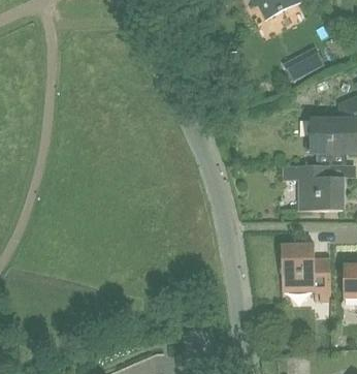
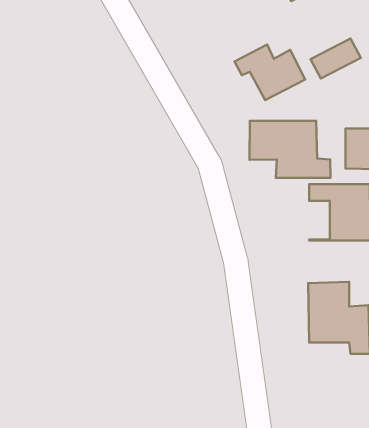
building: none -> [234,45,305,100]
building: none -> [249,121,331,178]

